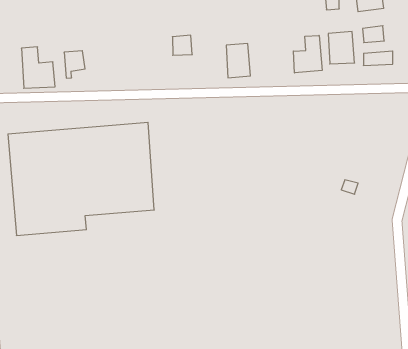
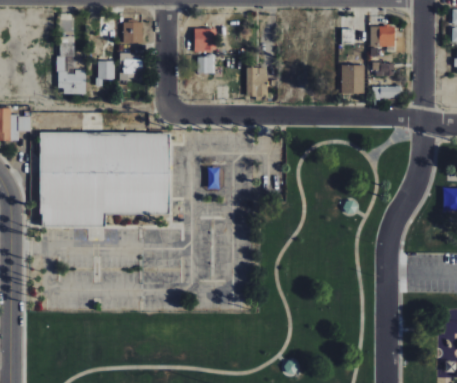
building: none -> [194,28,216,52]
building: none -> [123,22,142,43]
building: [293,35,322,73] -> none
building: none -> [119,53,142,81]

